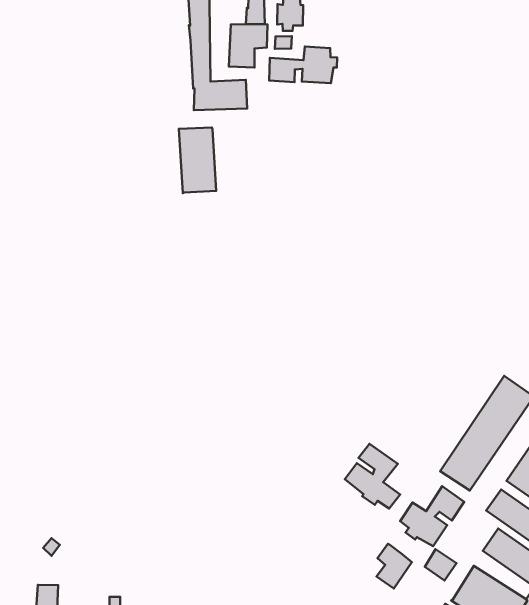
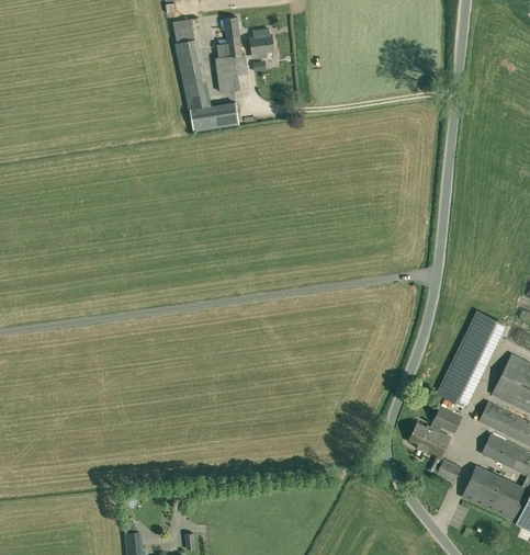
building: [269,47,337,83] -> none
building: [179,128,216,193] -> none
building: [345,444,400,509] -> none
building: [376,544,412,589] -> none

